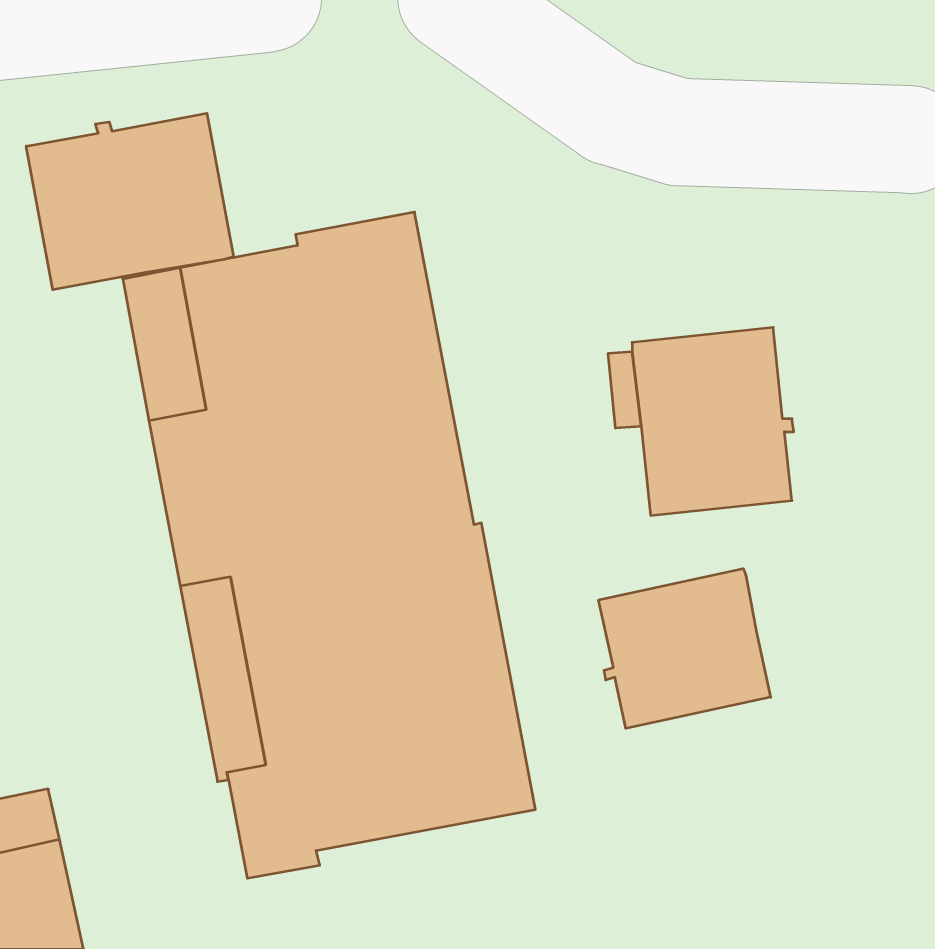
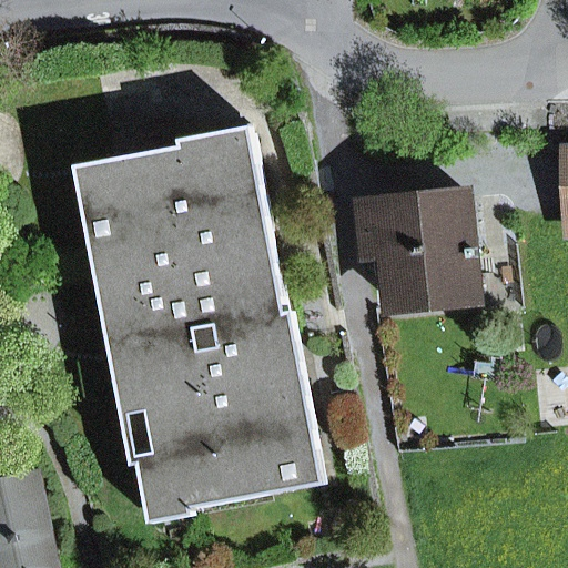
building: [26,113,233,290] -> none
building: [599,569,771,728] -> none

